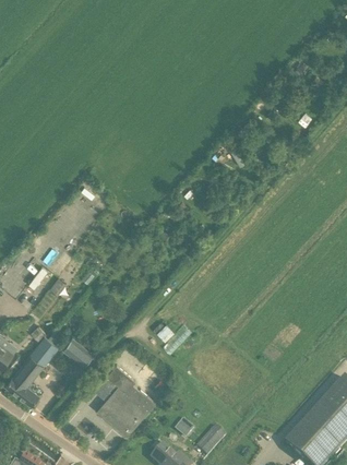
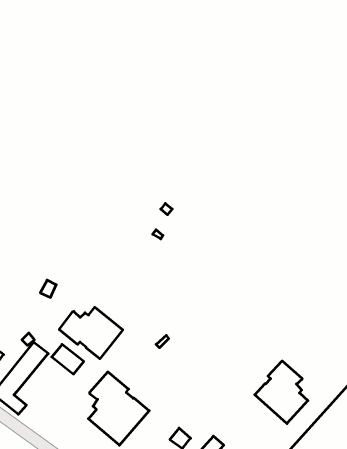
building: none -> [59,307,123,359]
building: none -> [255,361,308,424]

